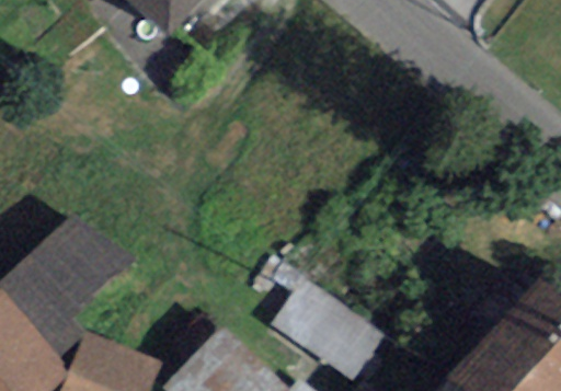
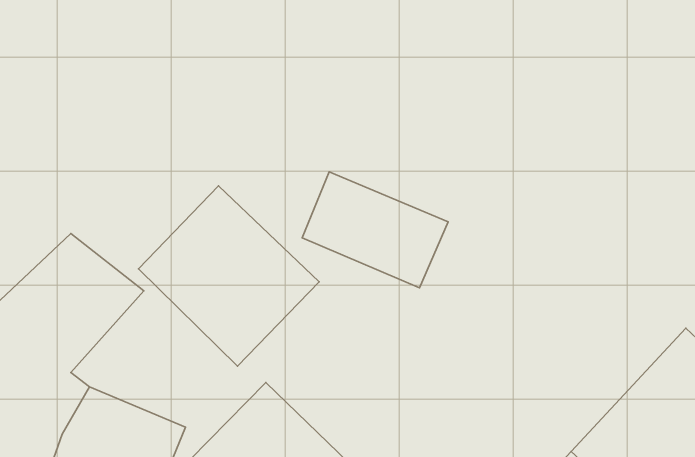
building: none -> [138,186,319,366]
building: [284,281,396,370] -> [302,172,448,288]

